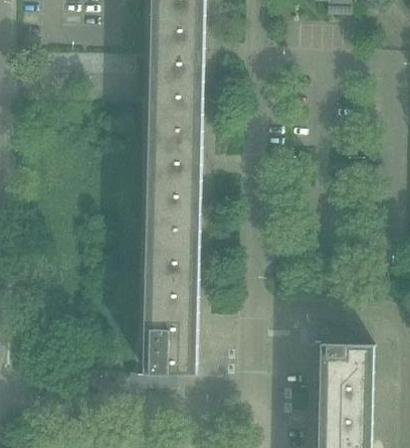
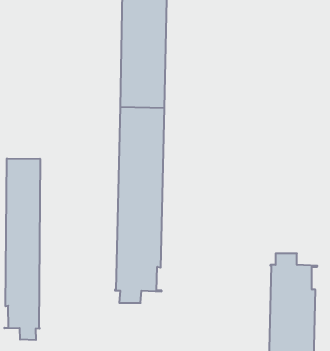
building: none -> [4,158,40,340]

